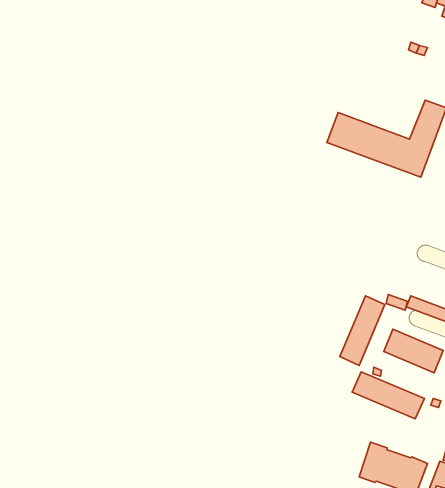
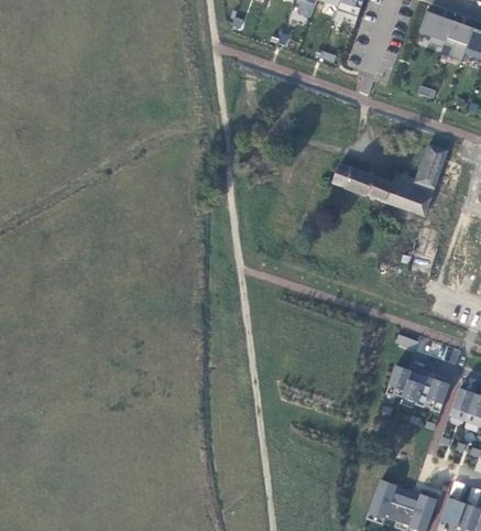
building: [340,296,385,365] -> none
building: [352,372,424,419] -> none

